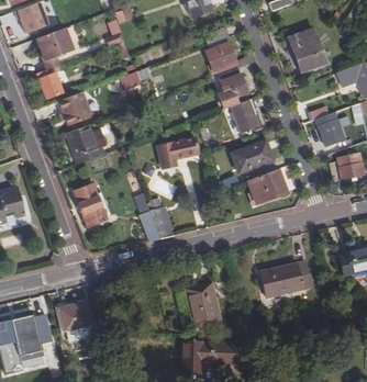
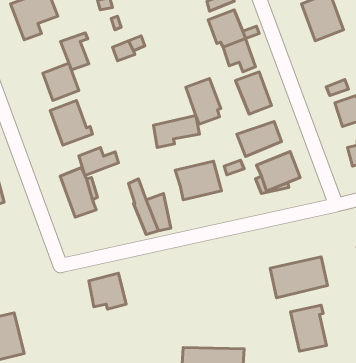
building: [36,65,62,98] -> [60,33,89,70]
building: none -> [186,78,221,124]
building: none -> [79,148,119,176]
building: none -> [175,161,221,200]
building: [185,282,221,326] -> none
building: [60,302,93,334] -> [89,273,126,309]
building: none -> [290,305,327,351]

